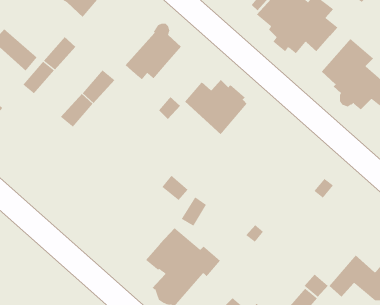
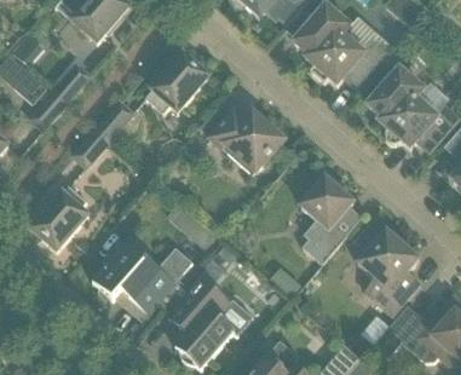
building: none -> [300,175,353,265]
building: none -> [27,185,88,252]
building: none -> [357,229,419,316]
building: none -> [92,242,192,315]

